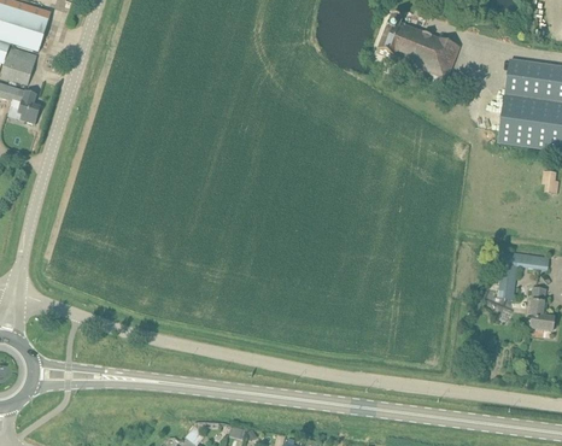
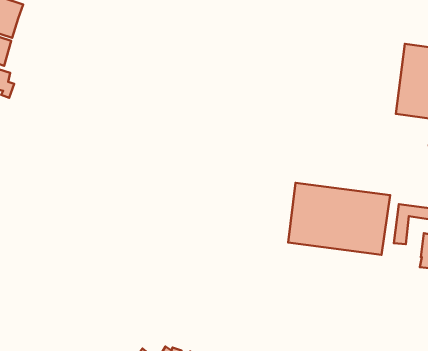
building: [376,13,458,77] -> none
building: none -> [288,183,390,255]

